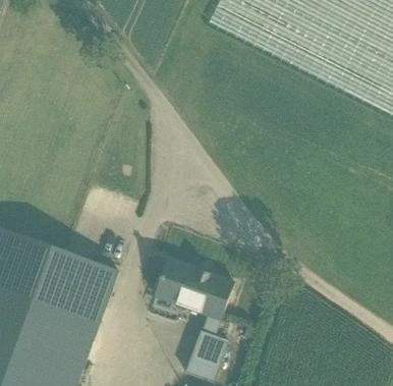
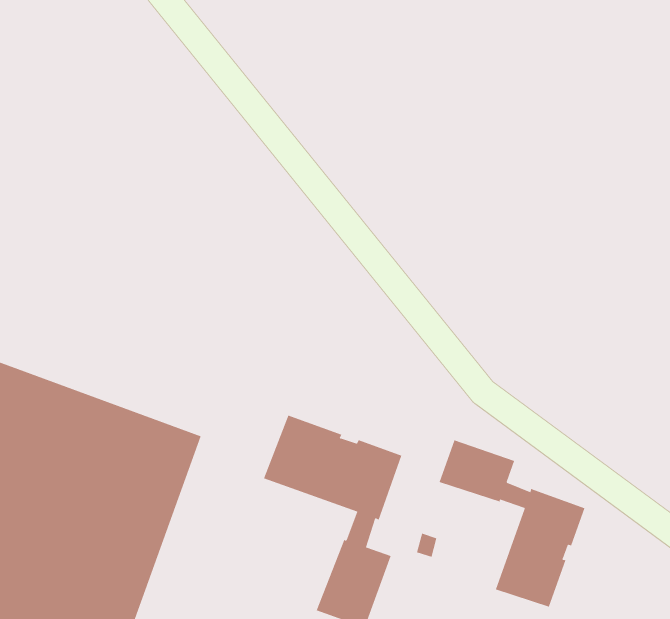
building: none -> [439,439,585,607]

